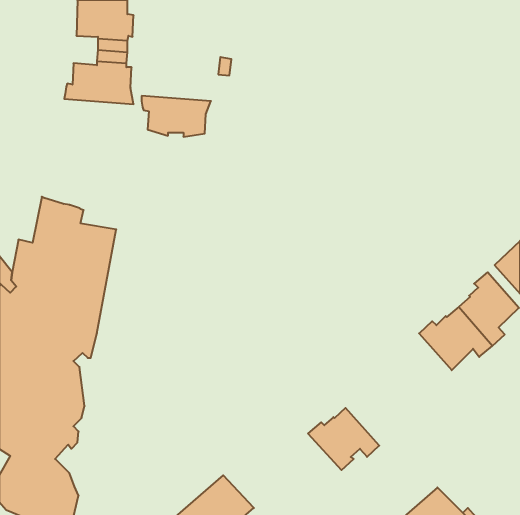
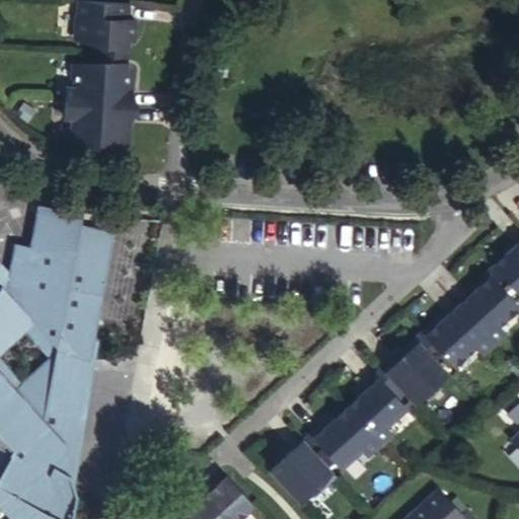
building: [142,96,211,137] -> [64,104,133,145]
building: none -> [55,338,103,490]
building: none -> [378,344,442,409]
building: none -> [344,379,403,449]
building: none -> [268,443,331,504]

